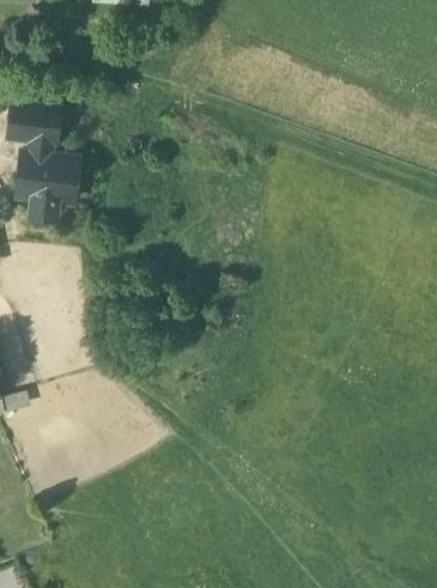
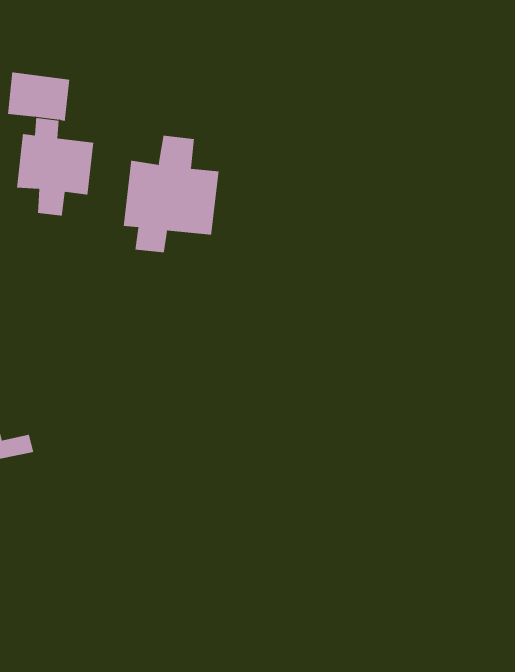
building: none -> [123,135,219,253]

